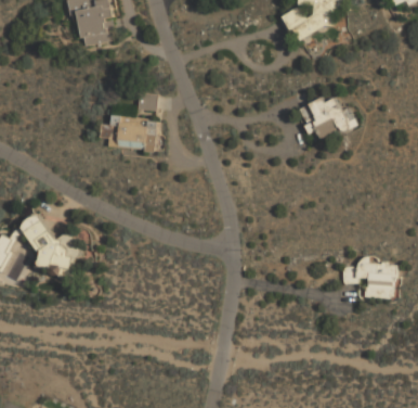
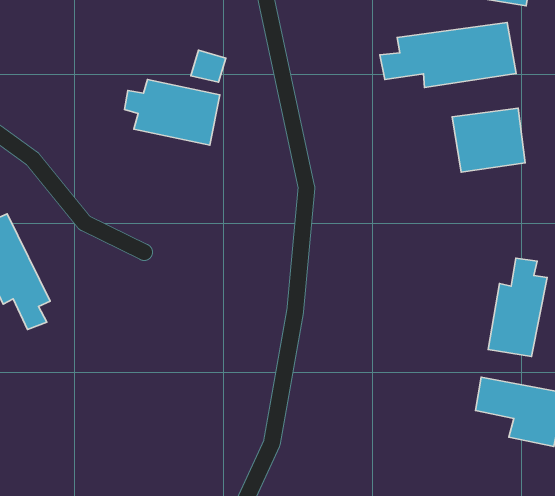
building: none -> [380,23,516,88]
building: none -> [488,258,547,357]

